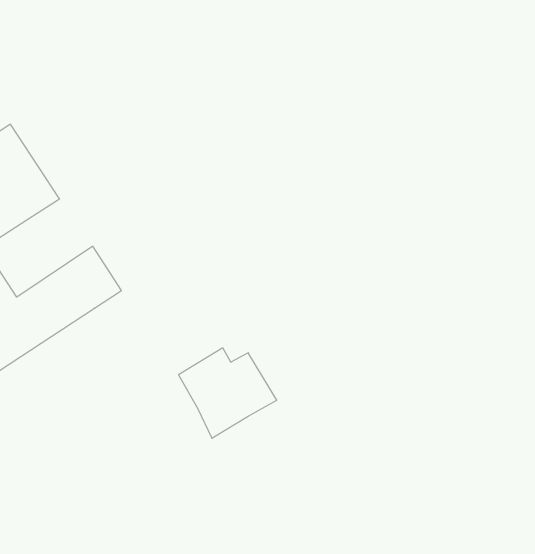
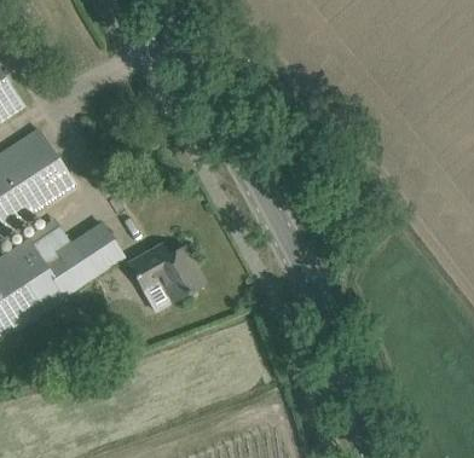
building: [179,348,277,438] -> [128,242,203,311]

